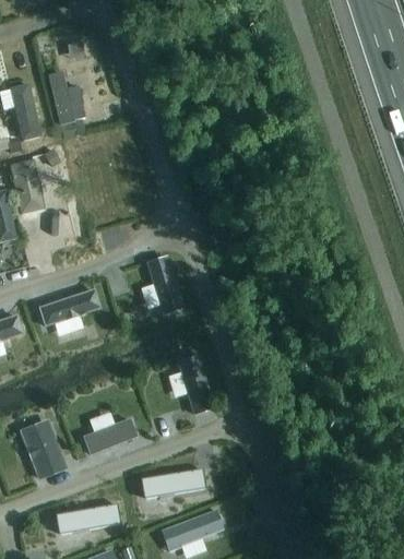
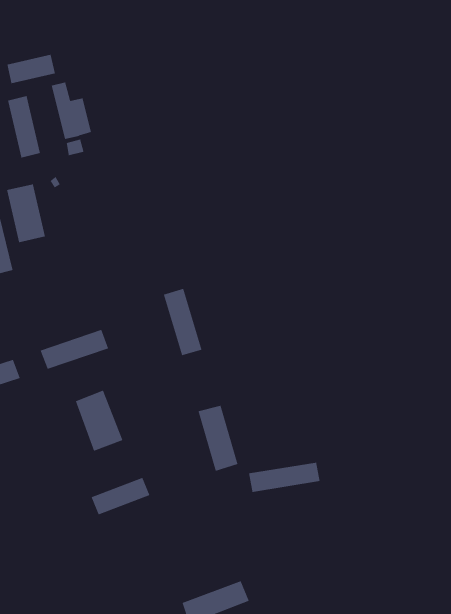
building: none -> [7,54,56,84]
building: [23,423,66,477] -> [75,390,123,452]
building: [142,469,205,497] -> [248,462,320,493]
building: [57,504,120,533] -> none

